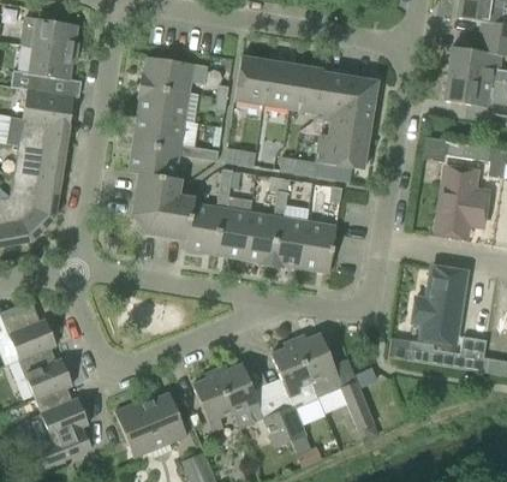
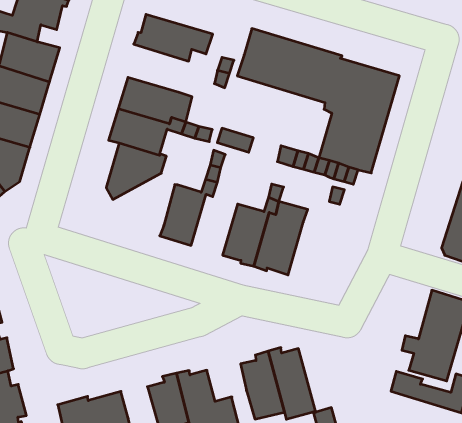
building: [138,84,189,121] -> none
building: [139,195,195,240] -> none
building: [214,208,250,260] -> none
building: [303,221,336,273] -> none

